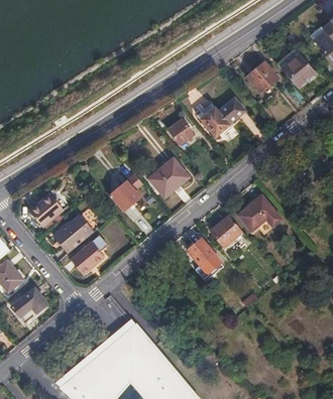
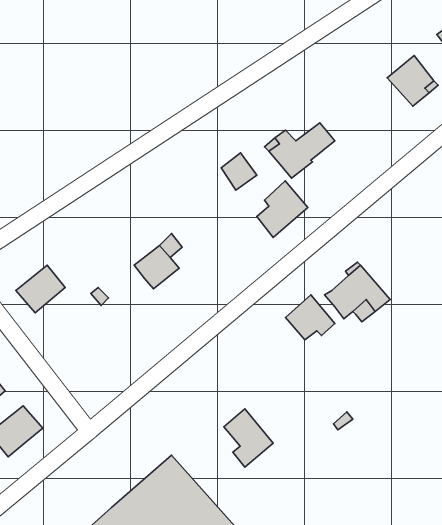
building: [246,61,276,93] -> none
building: [152,158,187,196] -> [257,181,308,238]
building: [52,217,89,253] -> none
building: [76,231,113,270] -> none
building: [187,238,220,277] -> [224,409,273,467]

